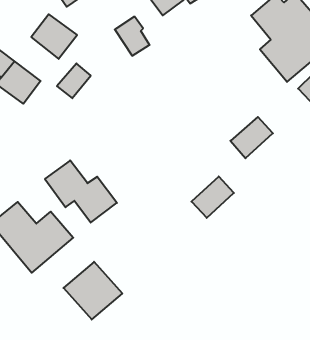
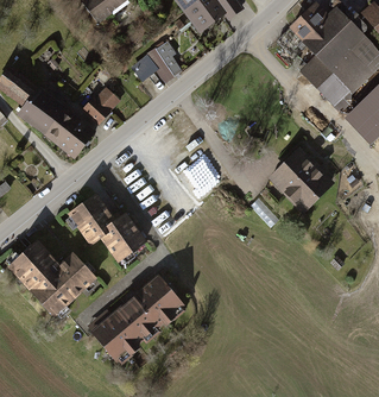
building: [31,14,77,59] -> [44,107,94,156]
building: [191,176,234,218] -> [286,164,333,209]
building: none -> [121,276,185,339]

